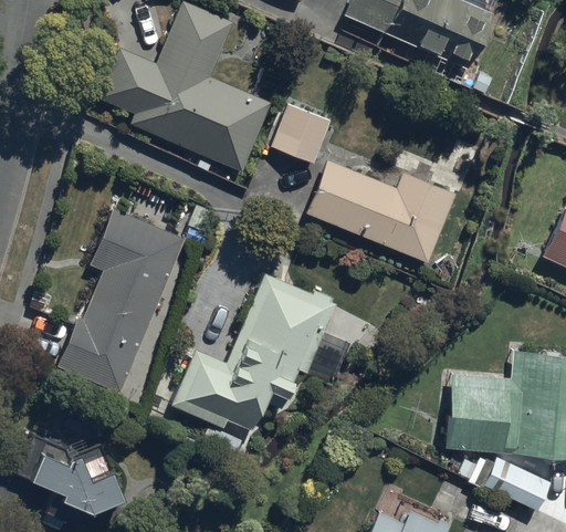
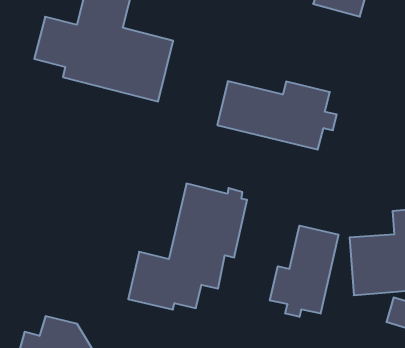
building: [271,105,329,163] -> none
building: [57,210,185,393] -> none
building: none -> [270,226,338,317]

